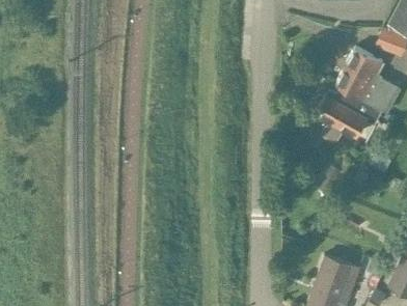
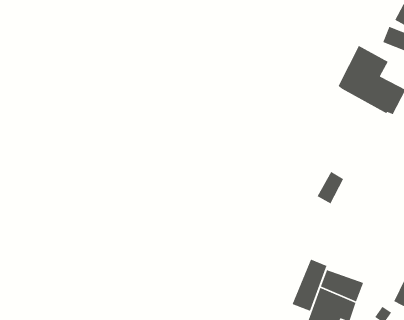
building: [315,89,381,137] -> none
building: none -> [291,258,327,312]

